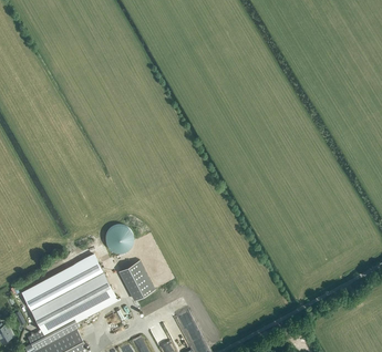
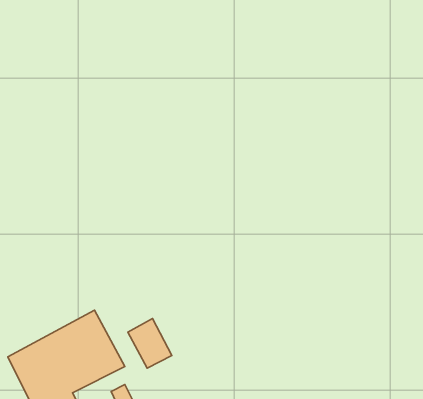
building: [104,225,133,252] -> none

